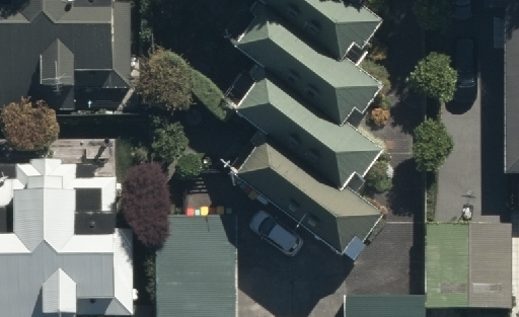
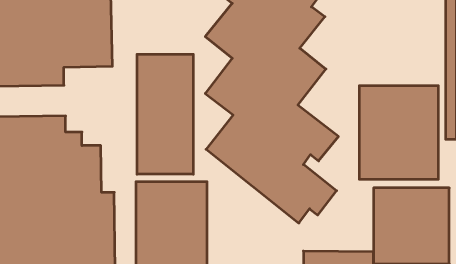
building: none -> [137,54,193,174]
building: none -> [359,86,438,179]

